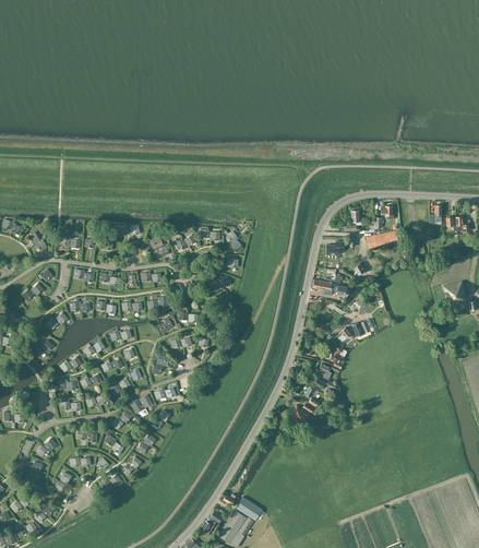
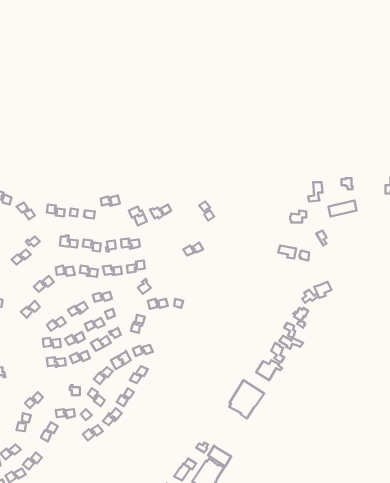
building: none -> [229,380,264,419]

